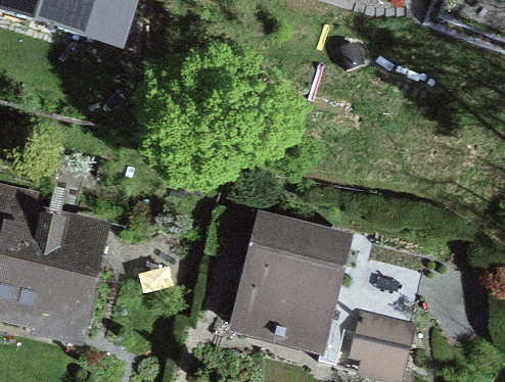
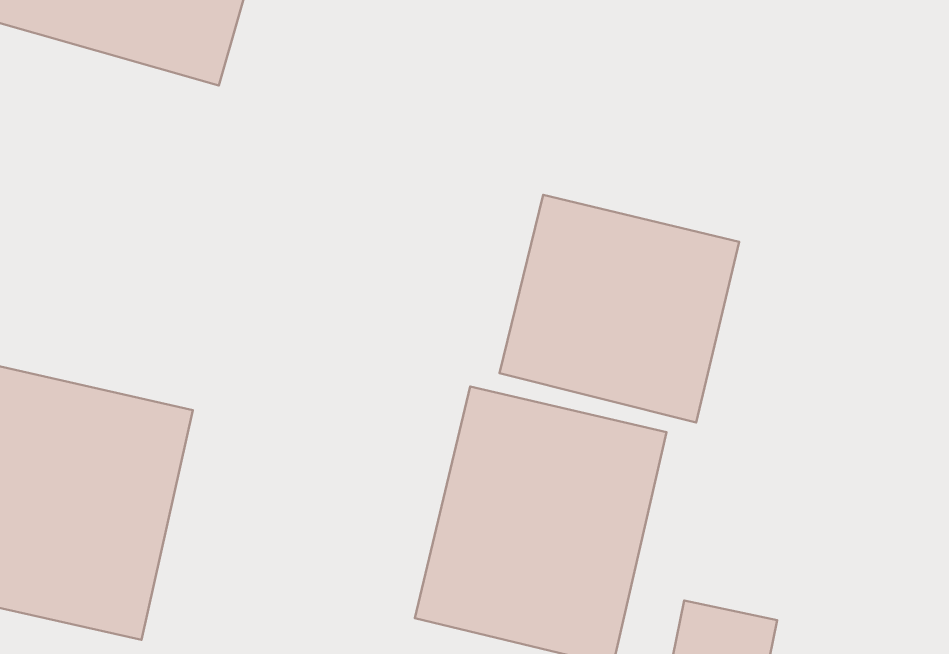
building: none -> [500,195,739,422]

